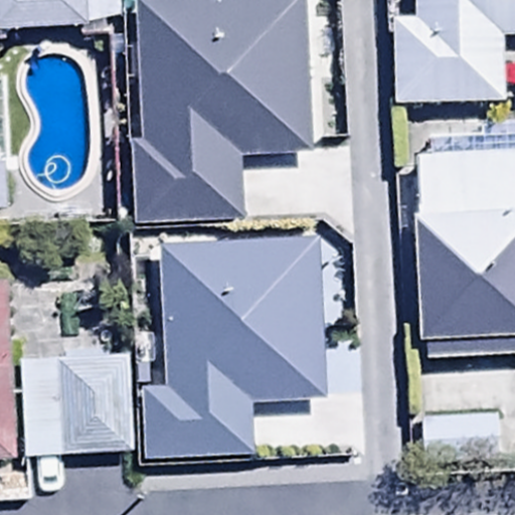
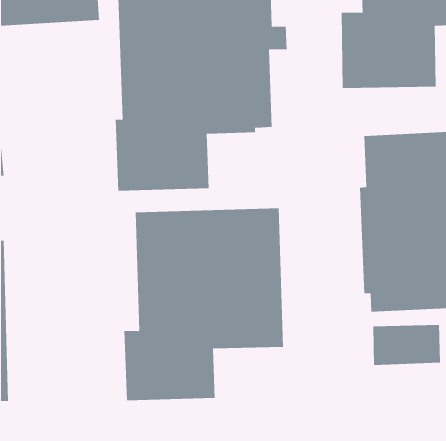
building: [20,349,131,448] -> none

